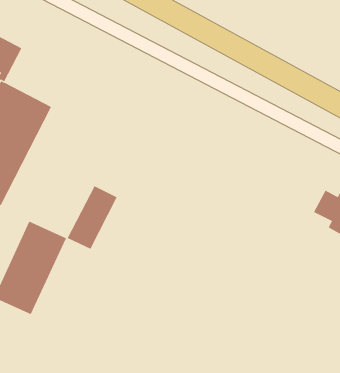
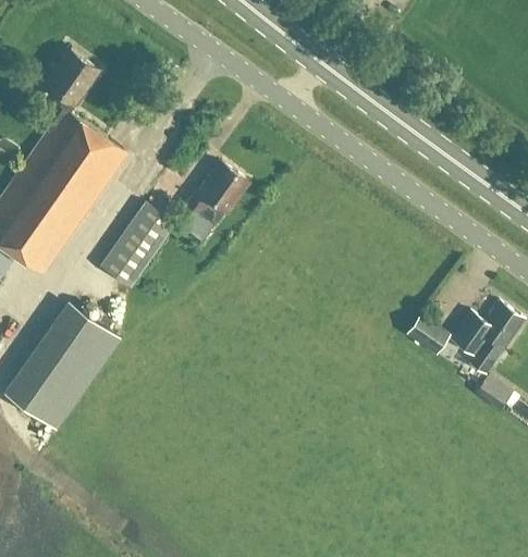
building: none -> [185,162,246,226]
building: [67,185,117,250] -> [98,205,172,288]
building: none -> [405,318,447,357]

